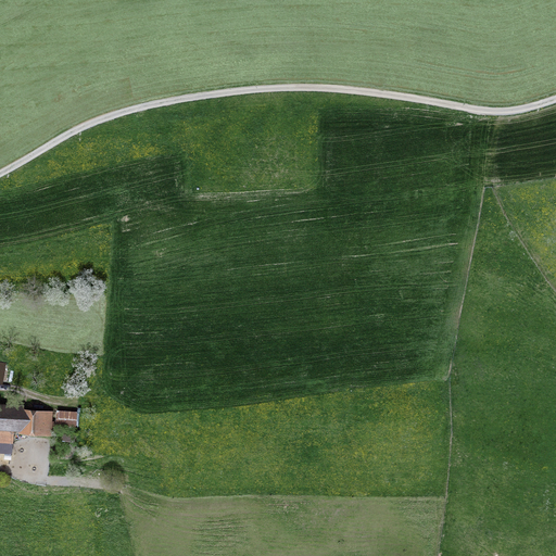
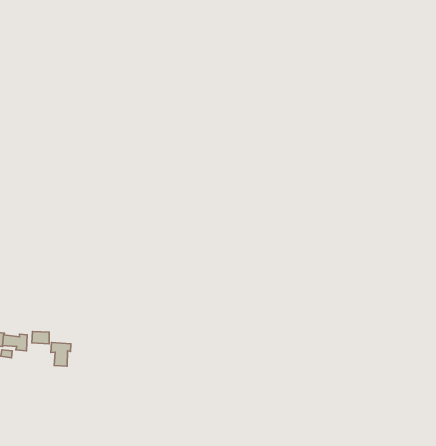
building: none -> [51,342,71,366]

